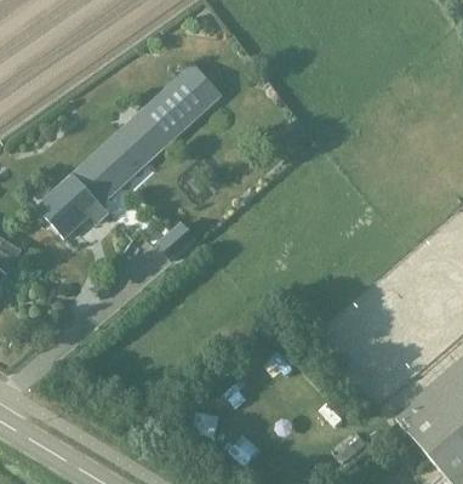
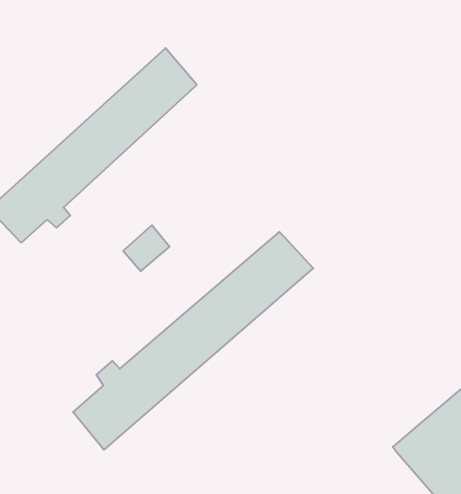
building: none -> [73,232,313,450]

